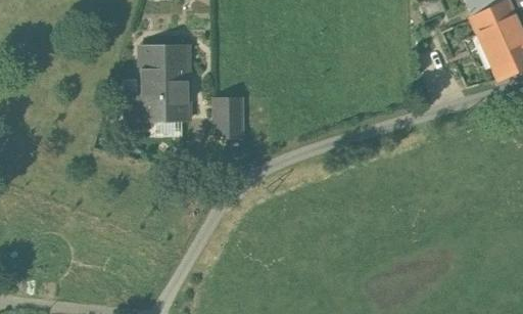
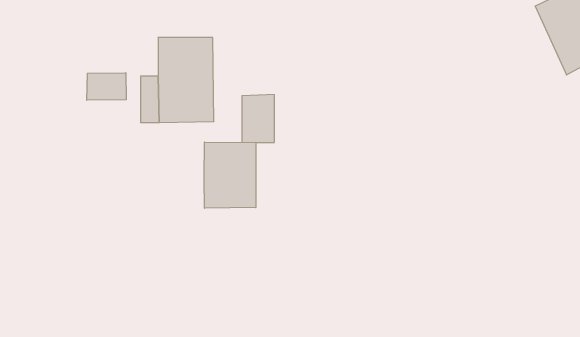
building: none -> [87,73,126,100]
building: none -> [204,142,256,208]

